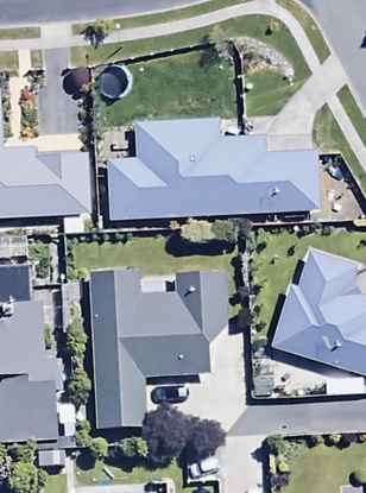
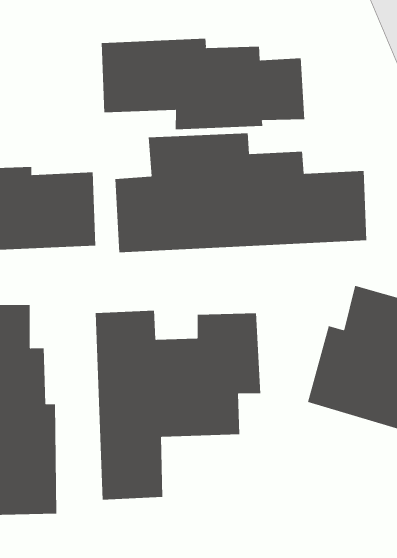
building: none -> [101,38,305,130]

